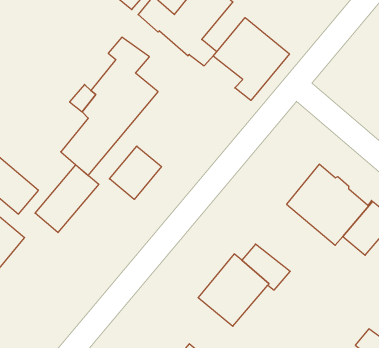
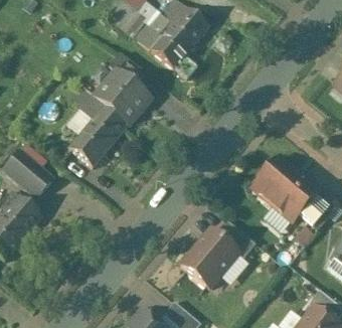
building: [213,18,289,100] -> none
building: [109,146,161,199] -> none
building: [35,165,99,233] -> none

